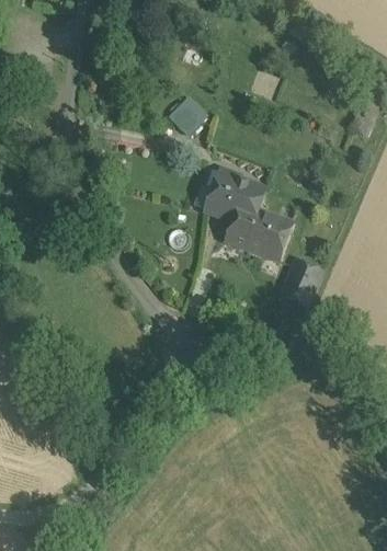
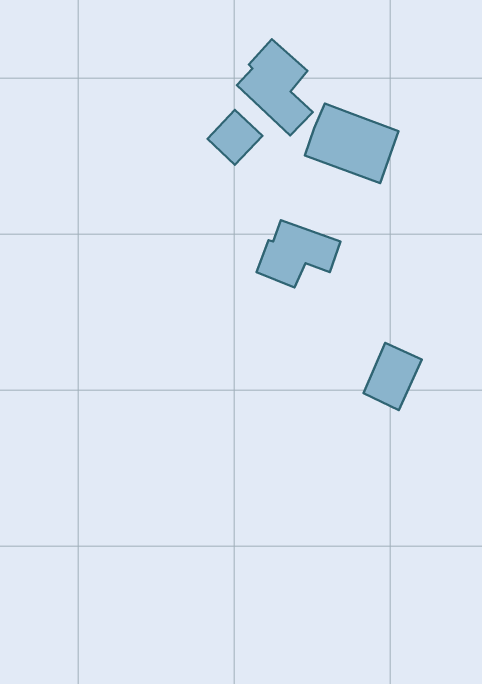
building: none -> [237,39,313,136]
building: [224,204,291,261] -> [305,104,398,183]

